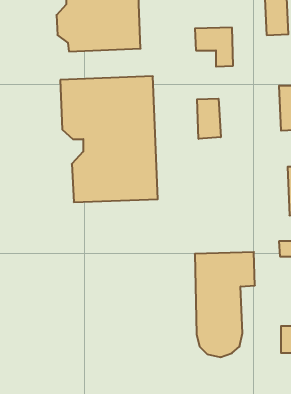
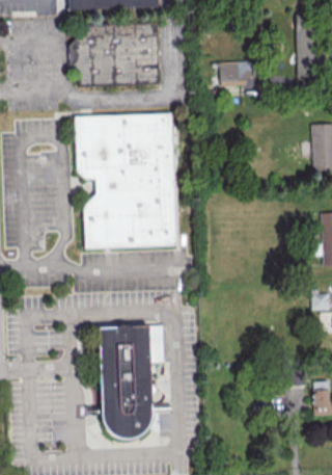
building: [197,99,221,139] -> none
building: [195,252,255,357] -> [100,325,165,440]

